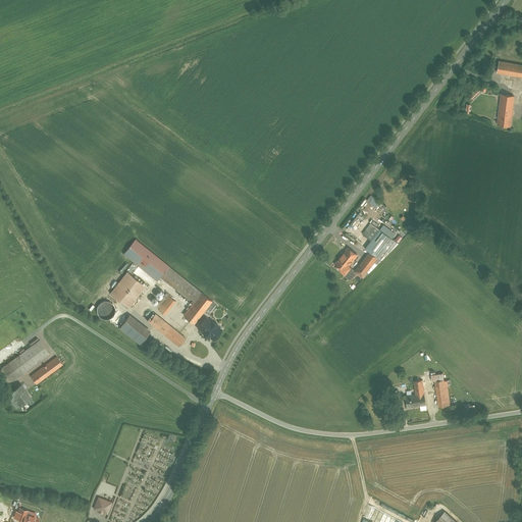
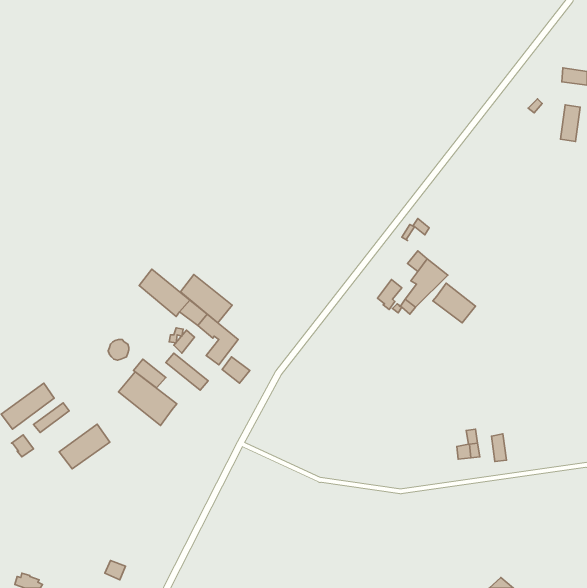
building: none -> [181,275,232,323]
building: none -> [433,283,476,323]
building: [109,273,144,308] -> none
building: none -> [119,372,177,425]
building: none -> [59,424,110,469]

